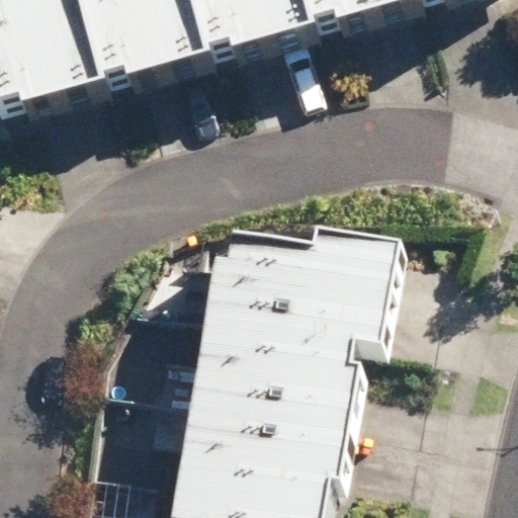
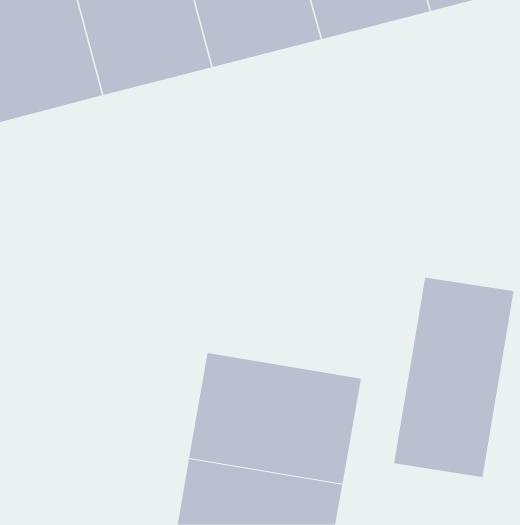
building: [201,240,397,368] -> none
building: none -> [394,277,514,478]

